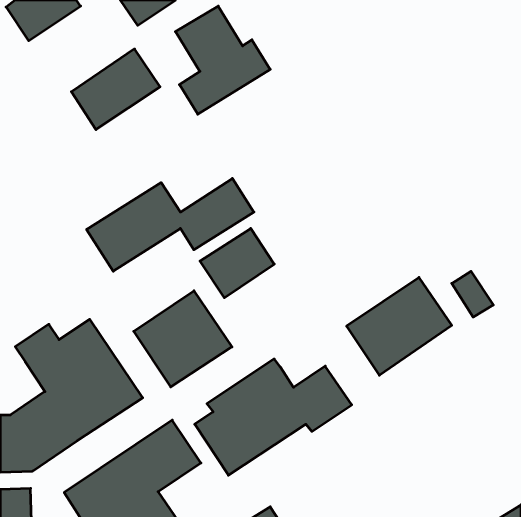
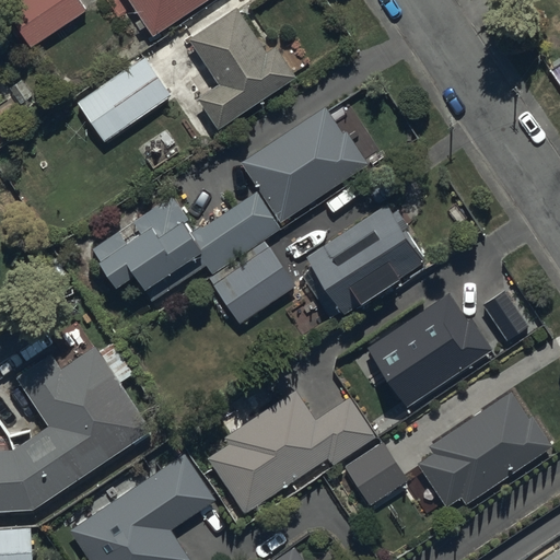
building: none -> [244,109,361,217]
building: none -> [305,209,415,307]
building: [134,291,232,387] -> none
building: none -> [421,394,546,503]
building: none -> [346,444,408,508]

